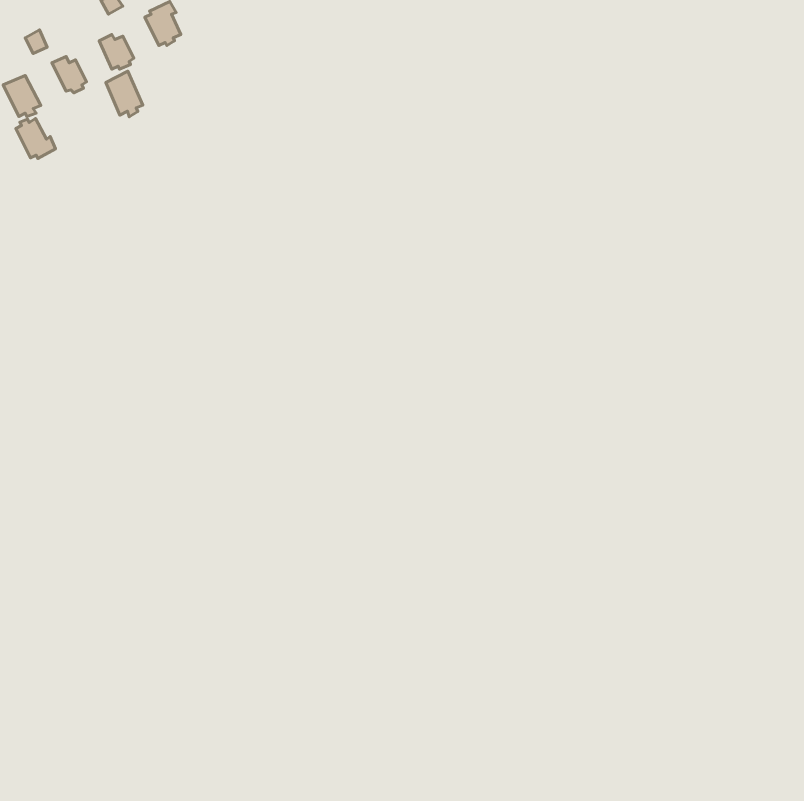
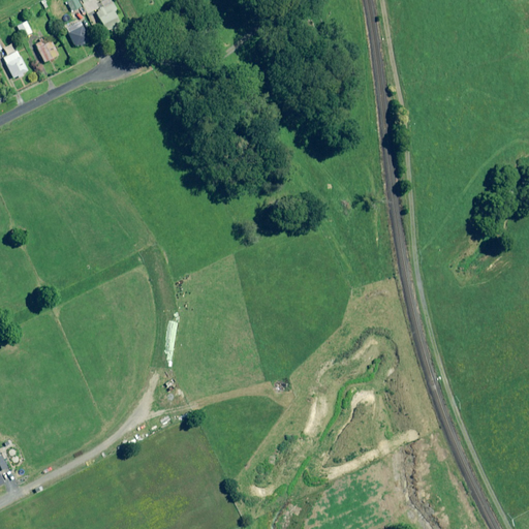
building: [106,71,143,117] -> none
building: [16,119,55,158] -> none

